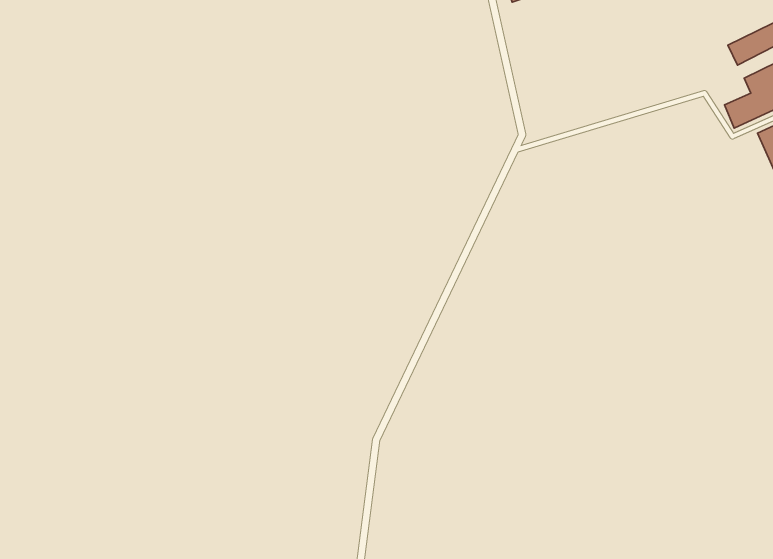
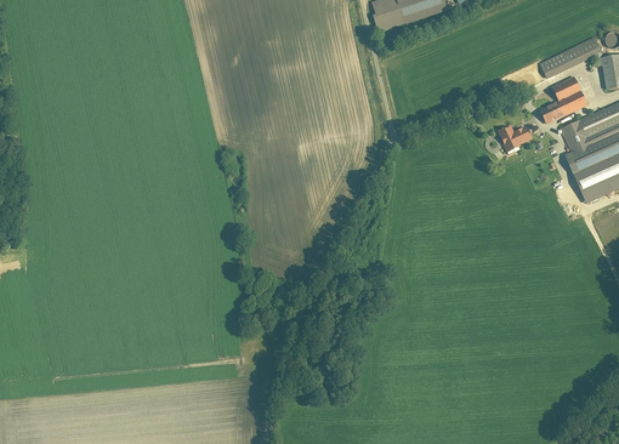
building: none -> [496,124,533,155]

